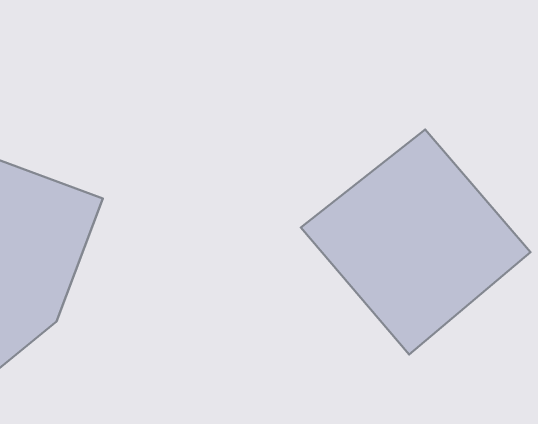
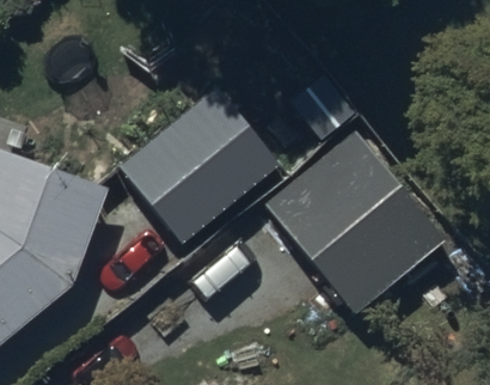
building: none -> [116,97,263,246]

